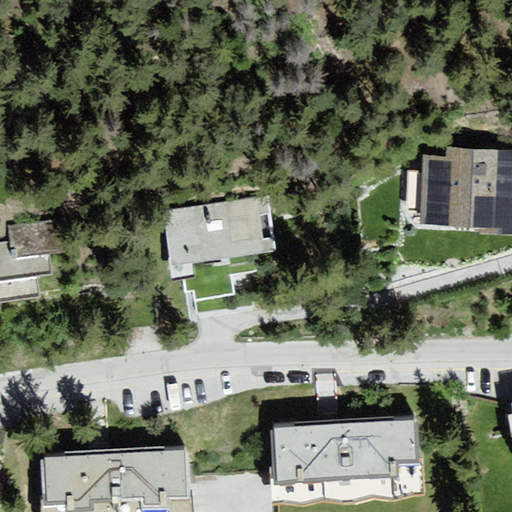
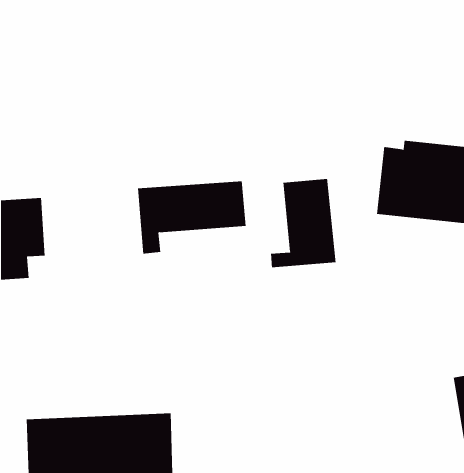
building: none -> [270,178,336,268]
building: [285,418,428,500] -> none

